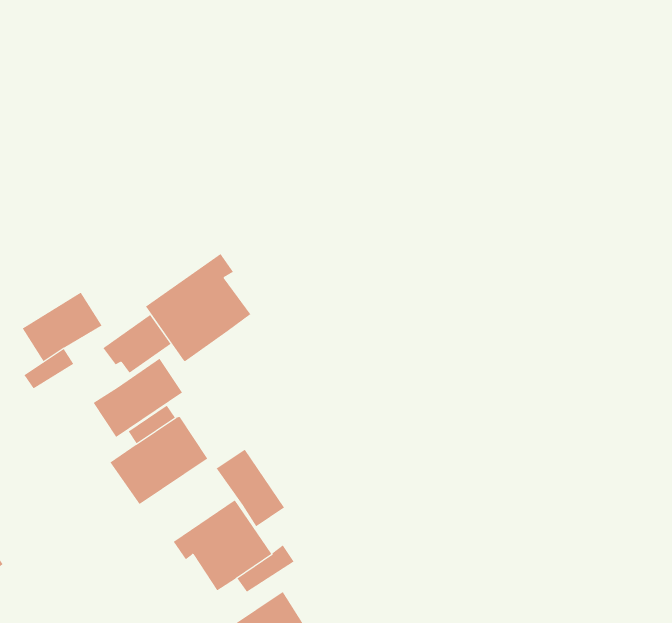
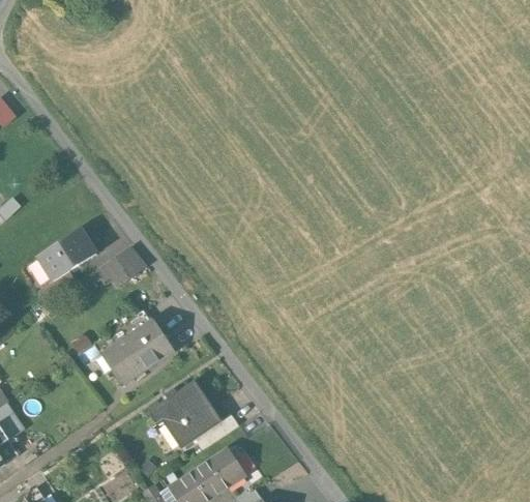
building: [145,253,251,362] -> none
building: [93,358,183,438] -> none
building: [216,449,285,527] -> none

